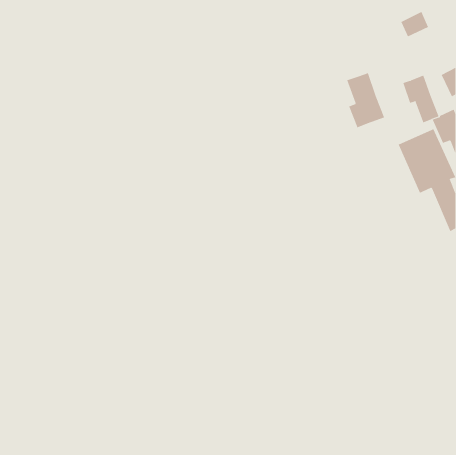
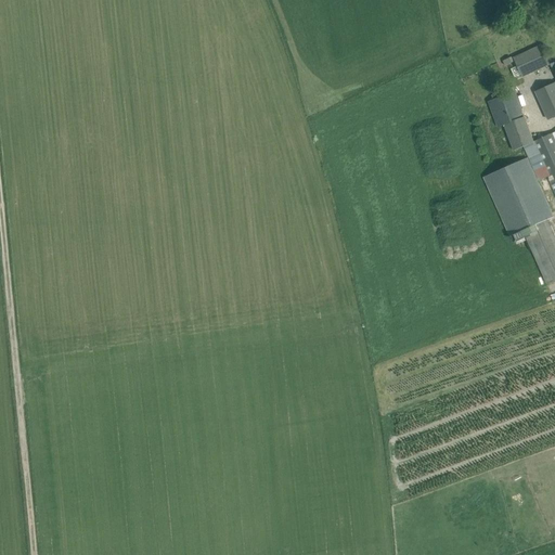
building: [400,11,429,37] -> [514,44,548,76]
building: [347,72,385,128] -> none

